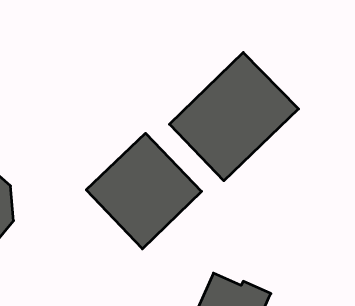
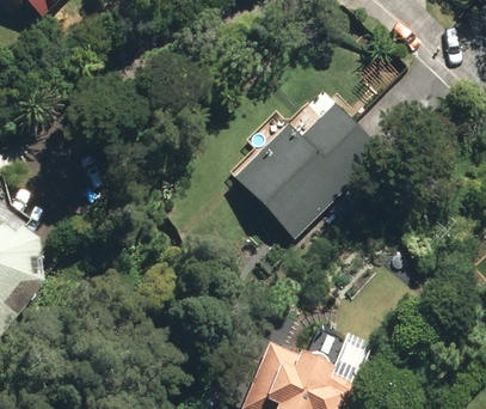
building: [86,133,202,249] -> none

